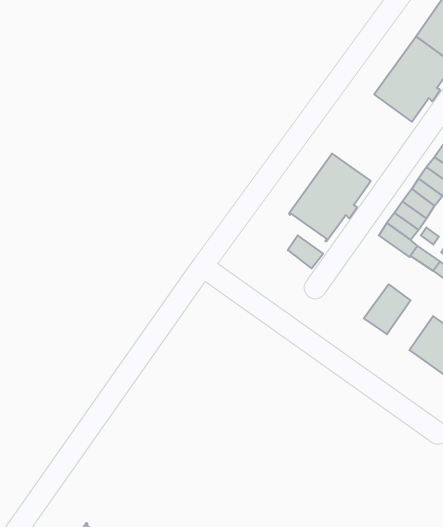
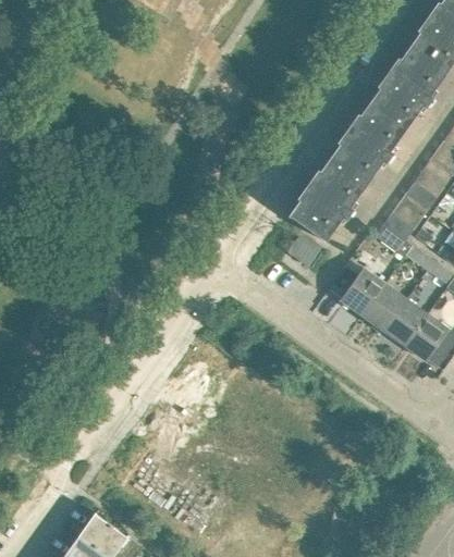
building: none -> [331,101,407,184]
building: none -> [329,267,385,315]
building: none -> [383,298,428,346]

